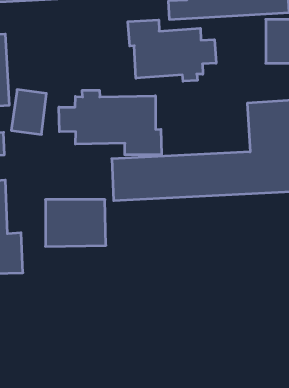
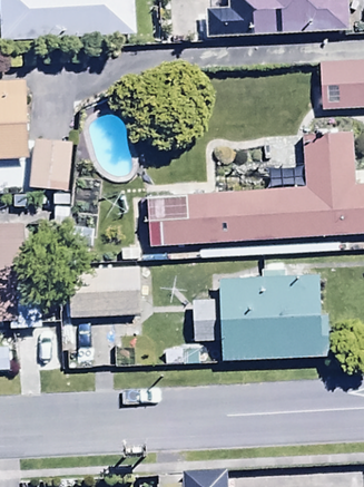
building: [128,20,216,81] -> none
building: [59,90,162,155] -> none
building: none -> [191,260,326,343]

